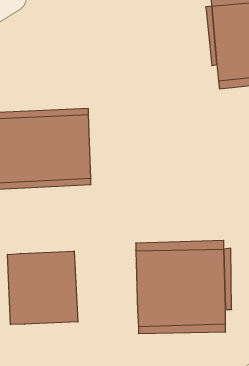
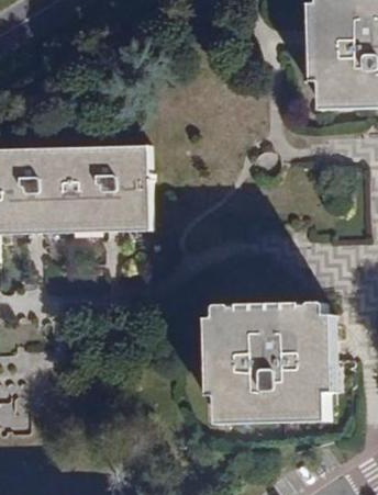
building: [8,251,78,325] -> none

